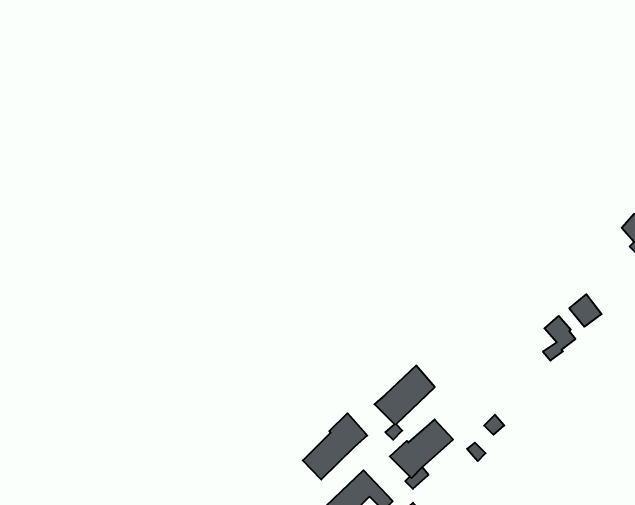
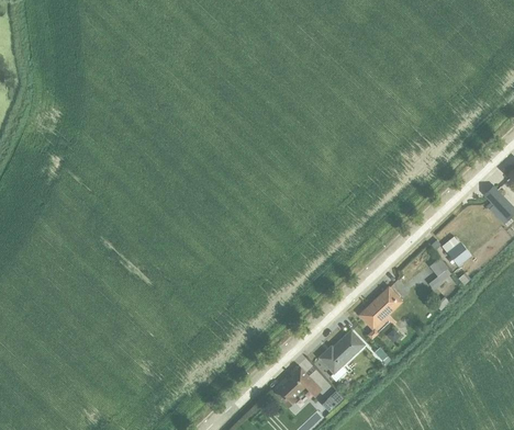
building: [374,366,435,440] -> [359,286,402,339]
building: [303,413,367,480] -> none

